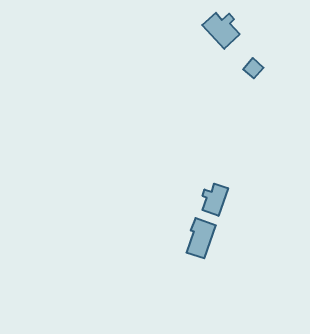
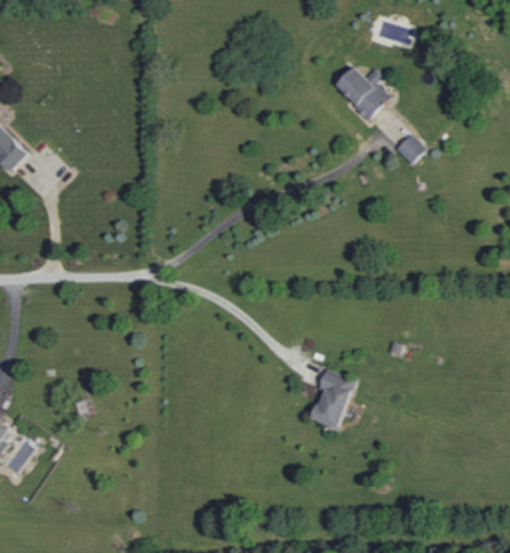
building: [202,184,228,216] -> none

